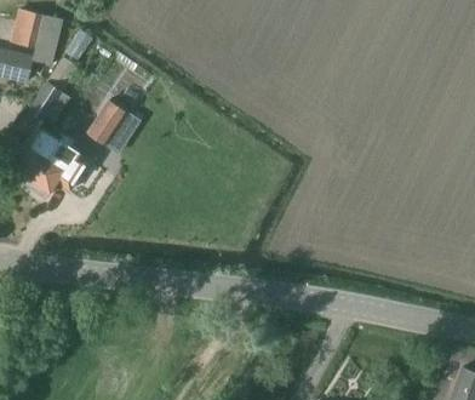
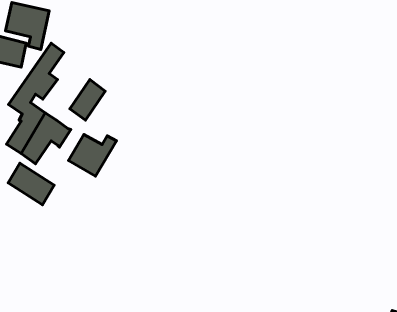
building: none -> [68,134,117,176]
building: none -> [8,163,54,205]

